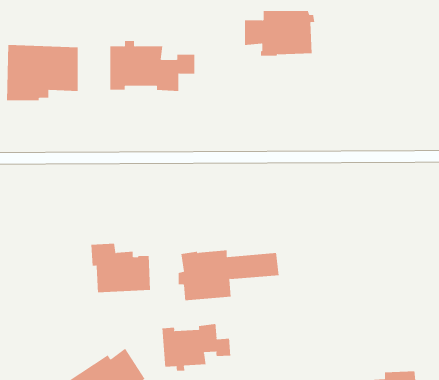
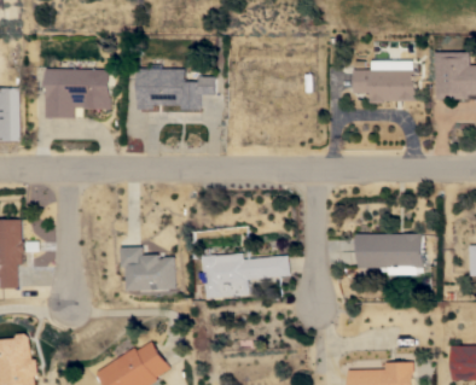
building: [244,10,315,56] -> [354,62,418,103]
building: none -> [355,233,423,275]
building: [162,323,231,372] -> none

